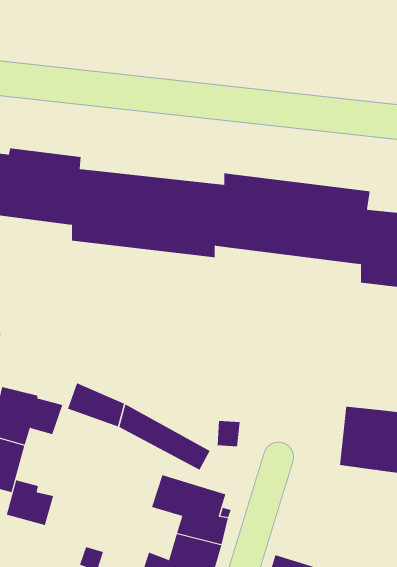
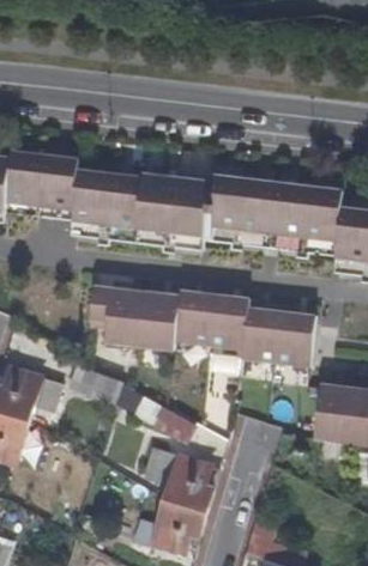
building: none -> [89,285,316,367]
building: [6,479,54,526] -> none

